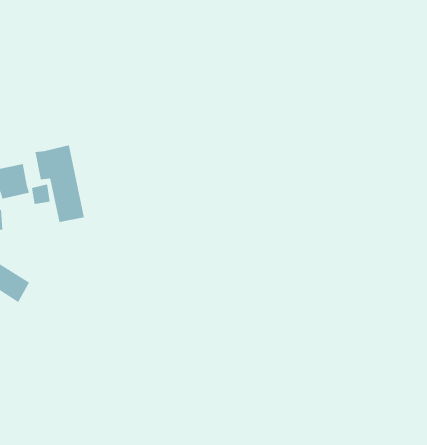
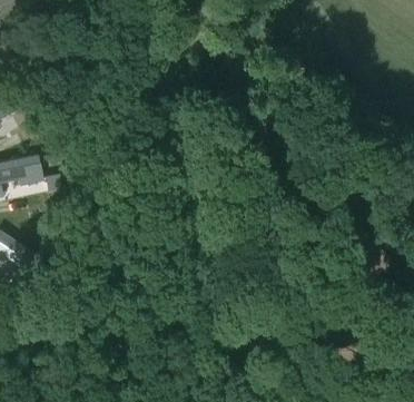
building: [35,145,85,223] -> none

